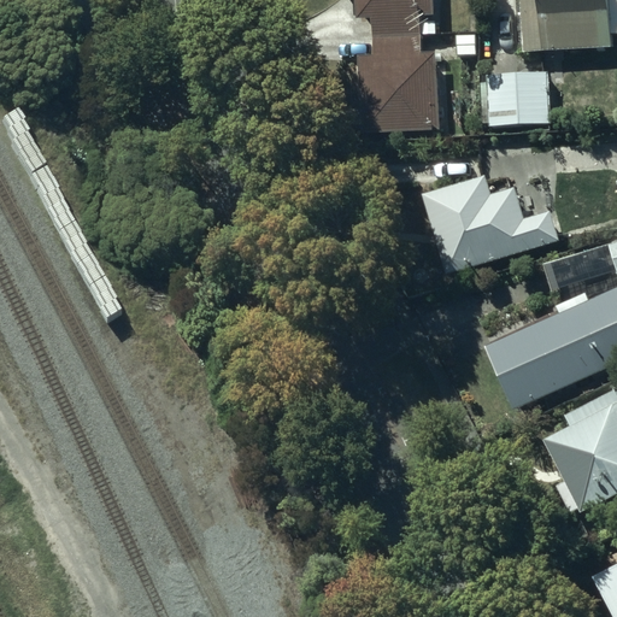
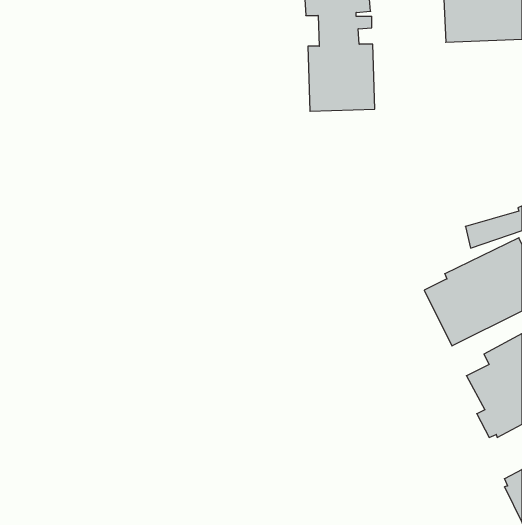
building: [486,71,548,124] -> none
building: [423,176,560,275] -> none

